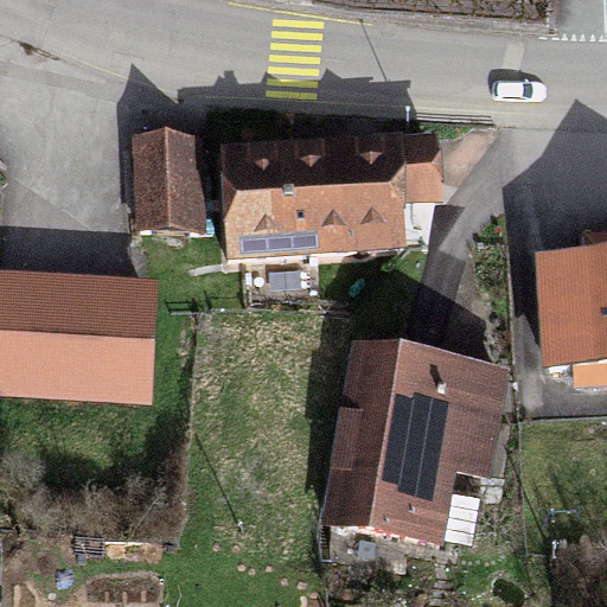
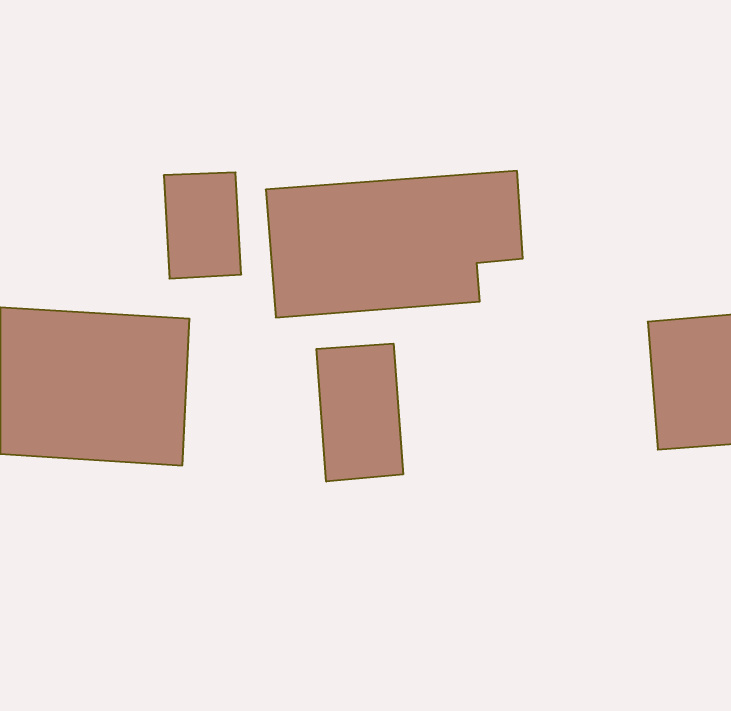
building: none -> [316,344,403,482]
building: [321,350,501,541] -> none

